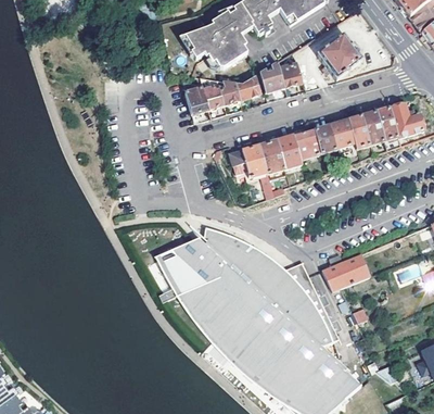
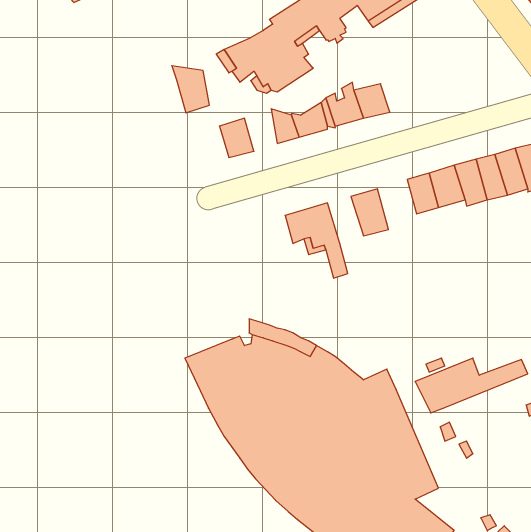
building: [317,33,362,77] -> none
building: [200,76,226,109] -> [172,66,209,113]
building: [295,128,322,159] -> none
building: [260,140,285,173] -> none

